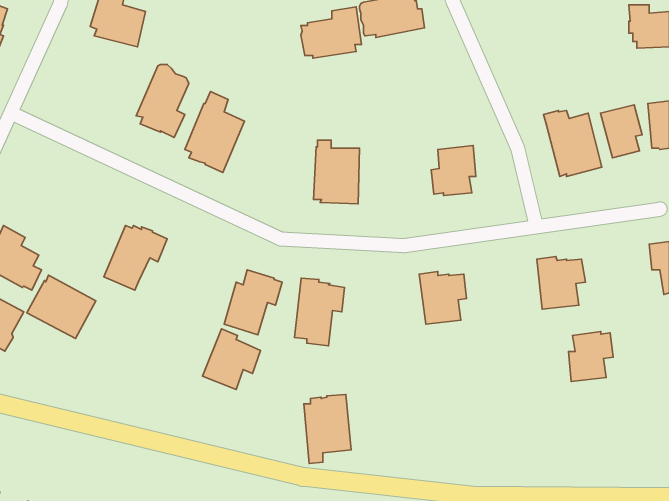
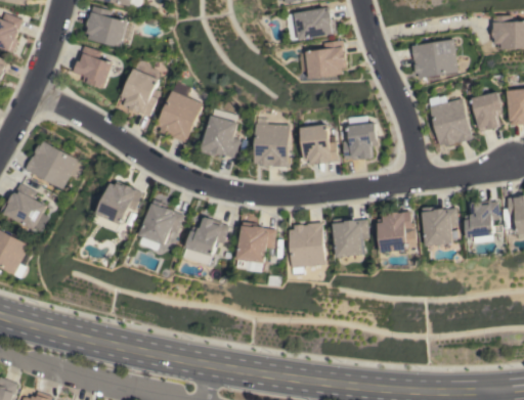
building: [301,7,362,58] -> [301,40,347,79]
building: none -> [410,40,456,79]
building: none -> [72,46,112,89]
building: none -> [200,116,238,158]
building: none -> [299,125,337,165]
building: none -> [378,212,417,253]
building: [27,275,96,339] -> [25,141,77,189]
building: [202,329,261,390] -> [140,199,184,246]
building: [568,331,613,381] -> [465,201,498,238]
building: [304,395,351,464] -> [290,223,325,275]

